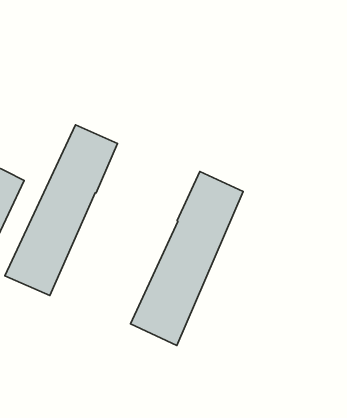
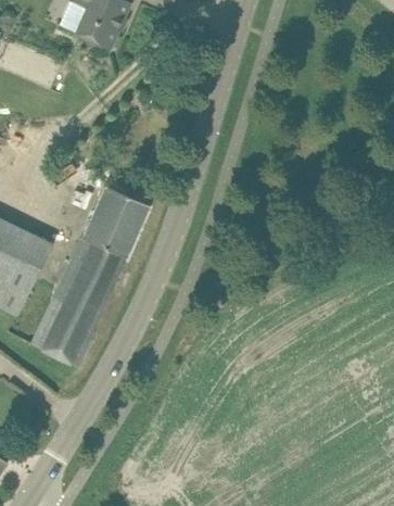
building: [131,171,243,346] -> none

